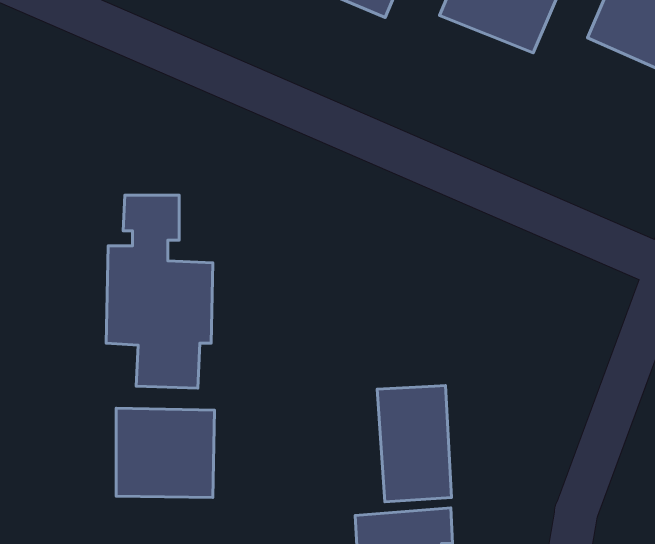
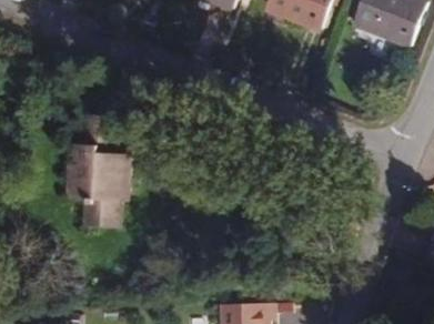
building: [377,385,452,502] -> none
building: [116,408,215,497] -> none

